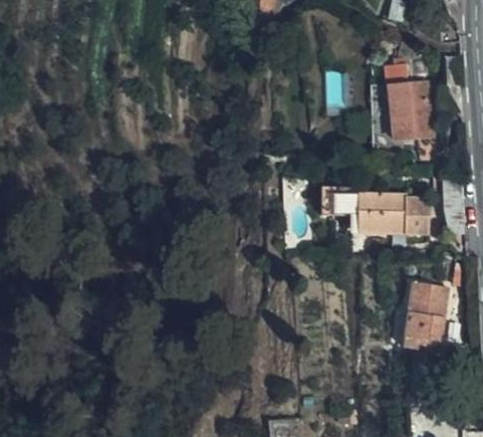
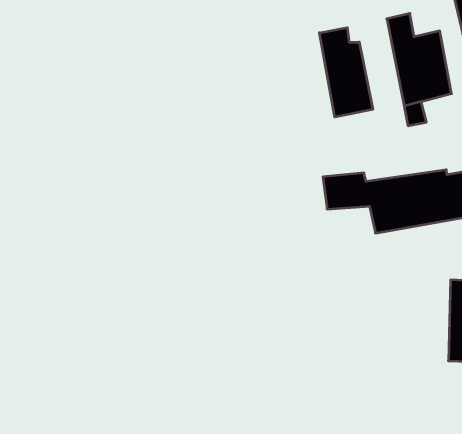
building: none -> [319,28,373,117]

